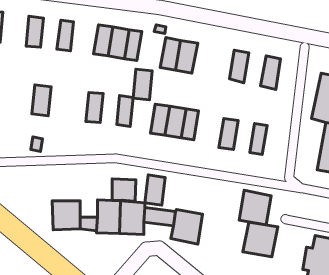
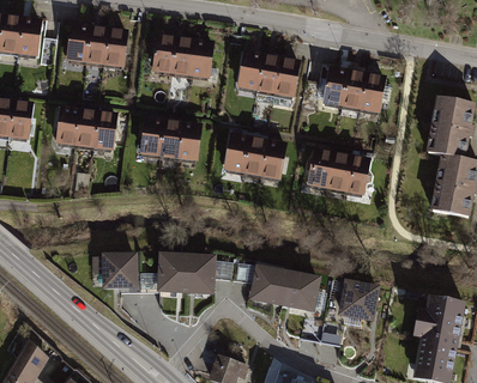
building: none -> [86,25,111,63]
building: none -> [274,56,298,97]
building: none -> [339,68,367,109]
building: [133,69,152,100] -> [161,118,185,157]
building: none -> [58,105,79,144]
building: none -> [96,110,116,148]
building: none -> [326,152,352,192]
building: [145,175,165,205] -> none
building: [112,179,136,201] -> none
building: [239,190,271,225] -> [282,268,321,311]

